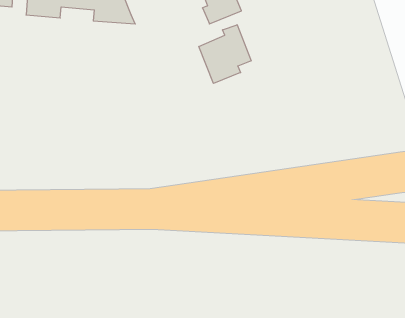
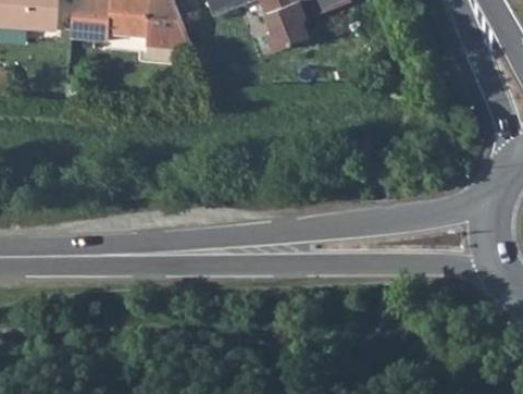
building: [199,25,251,83] -> none

